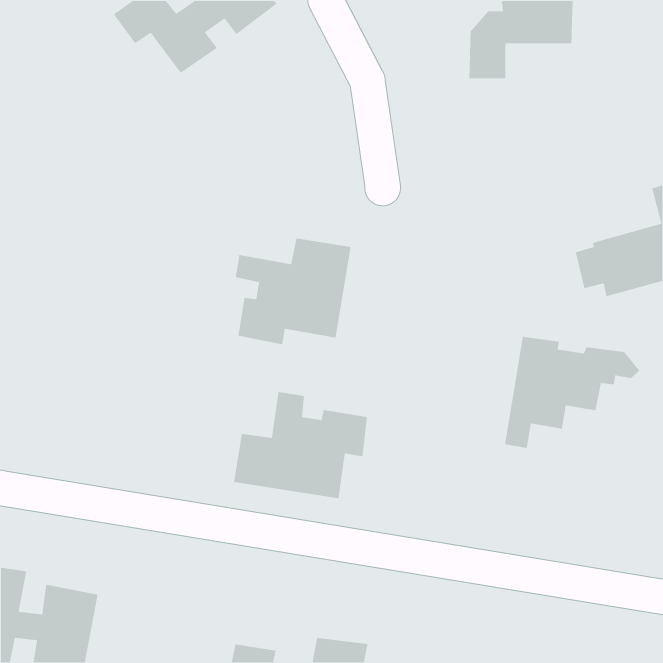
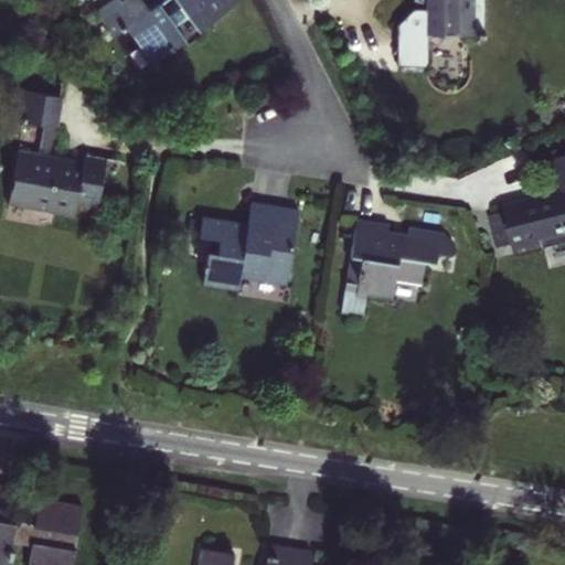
building: none -> [10,87,108,218]
building: [504,336,640,449] -> [342,221,458,317]
building: [233,391,368,499] -> none

